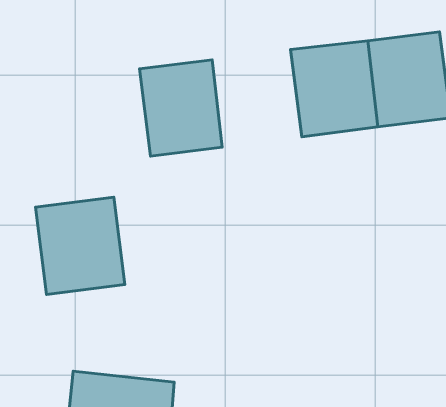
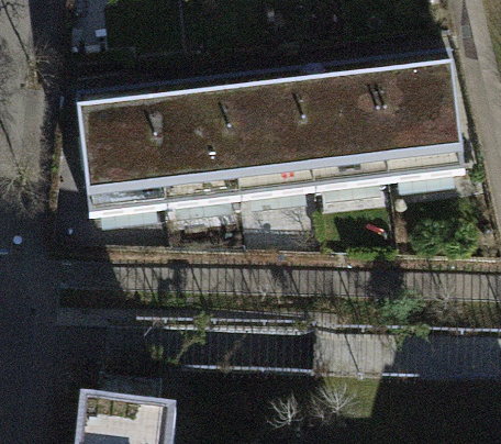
building: none -> [222,85,310,180]
building: [35,197,125,295] -> [74,103,162,199]

